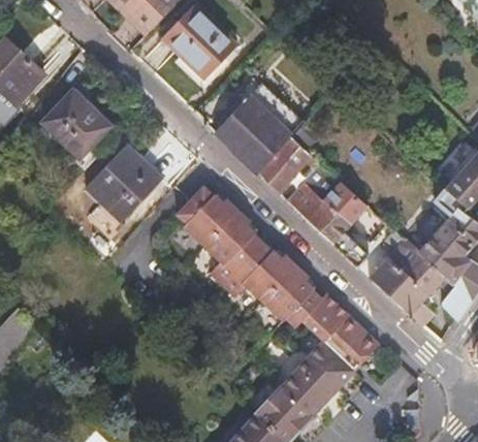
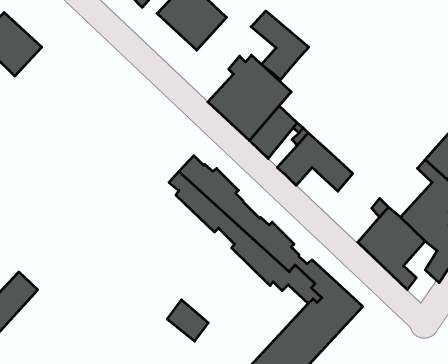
building: none -> [251,11,309,80]
building: [44,91,111,158] -> none
building: [89,146,162,221] -> none
building: [309,200,370,266] -> none
building: none -> [167,300,208,341]

